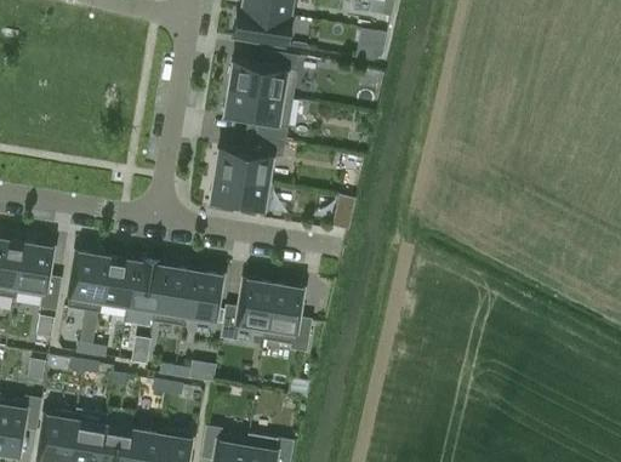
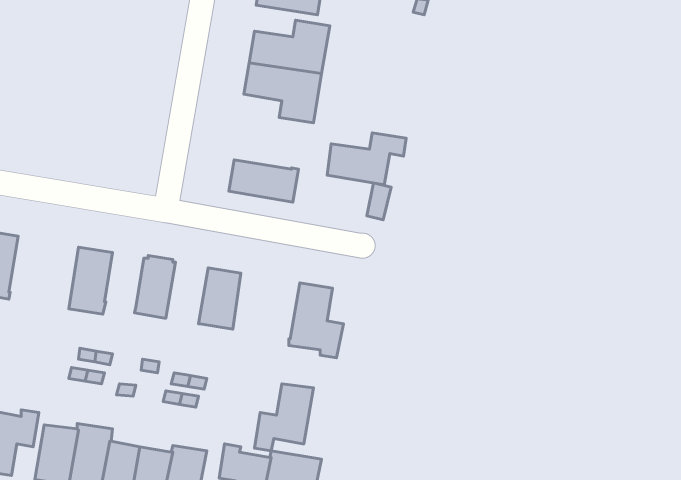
building: [215,138,285,184] -> [327,133,406,185]
building: [15,244,61,310] -> none
building: [99,258,135,307] -> none
building: [152,267,192,327] -> none
building: [221,281,273,341] -> [255,384,313,451]

